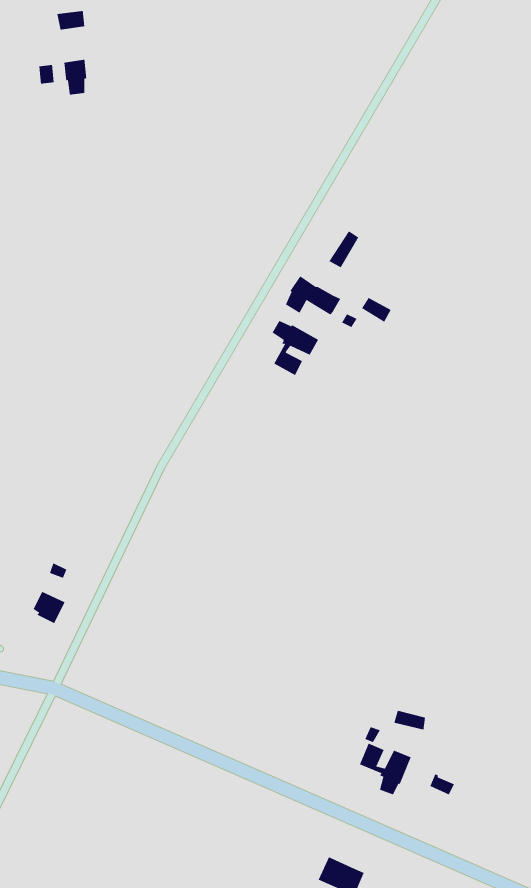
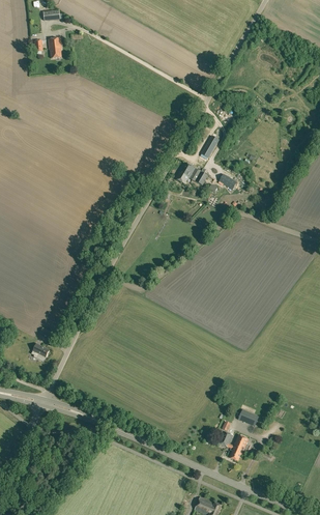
building: [272,320,319,376] -> none

